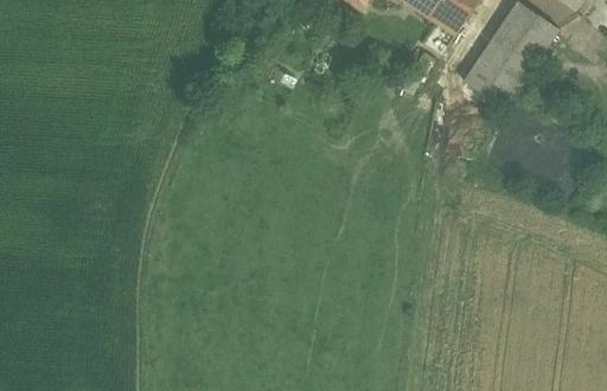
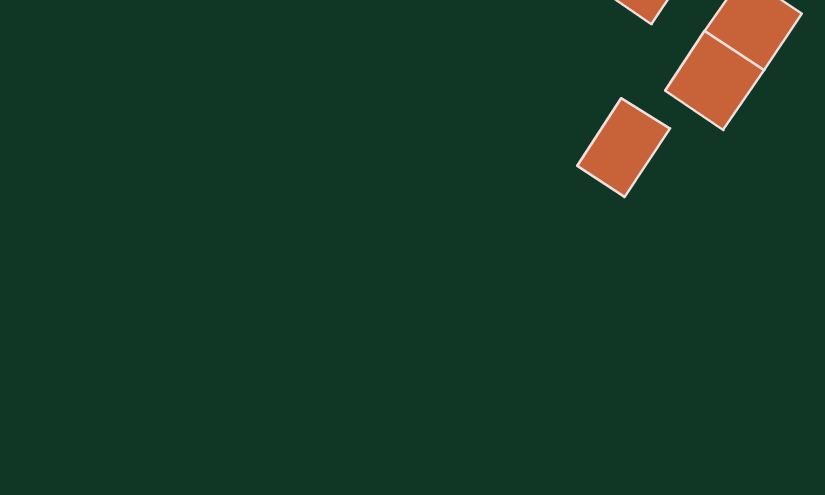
building: none -> [577,98,670,197]

